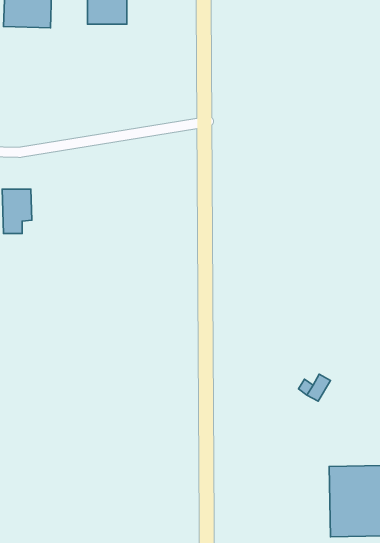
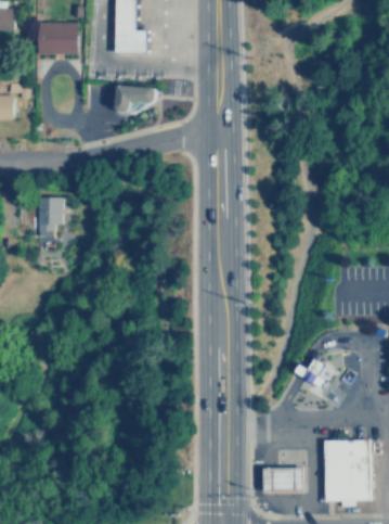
building: none -> [118,86,157,111]
building: none -> [265,469,307,494]

